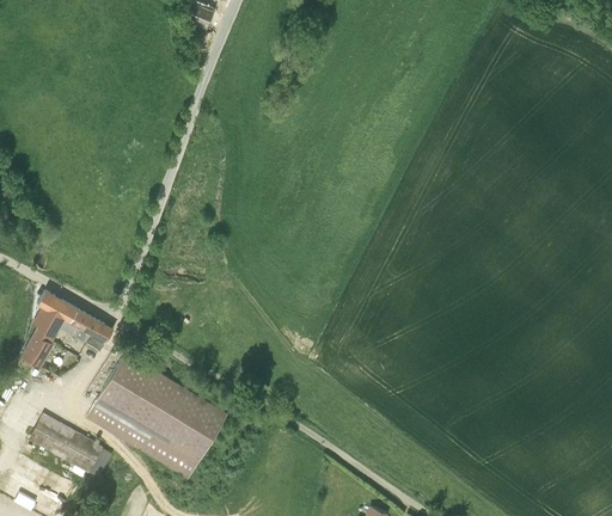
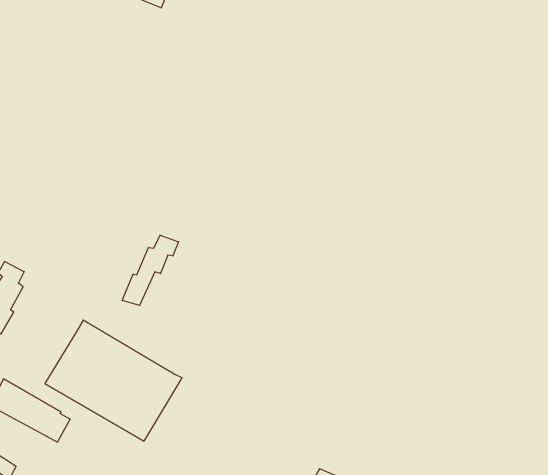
building: none -> [122,235,179,306]
building: [50,300,114,350] -> none

